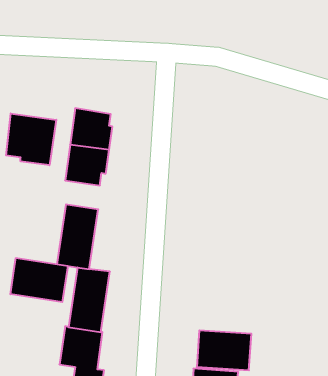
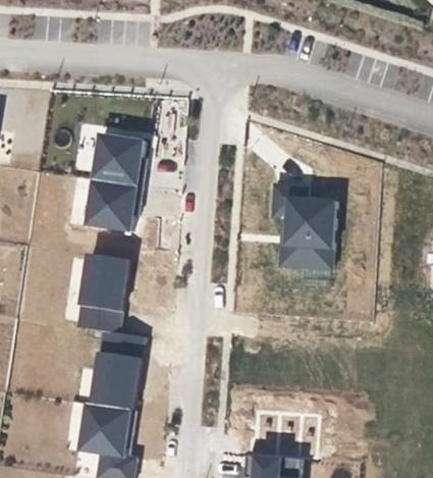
building: [6,113,56,165] -> none
building: none -> [268,185,334,270]
building: [10,258,68,302] -> none

